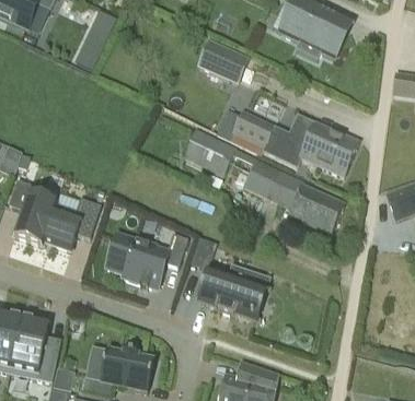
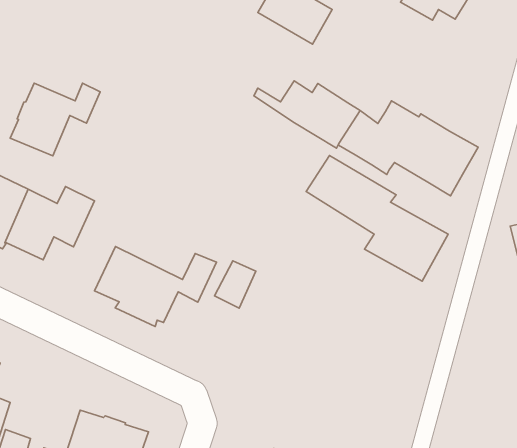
building: none -> [10,83,100,156]
building: [184,128,235,174] -> none
building: [200,266,268,319] -> none

